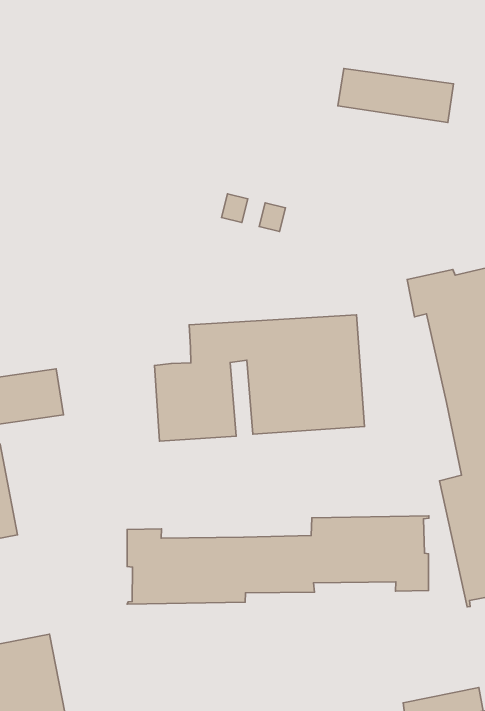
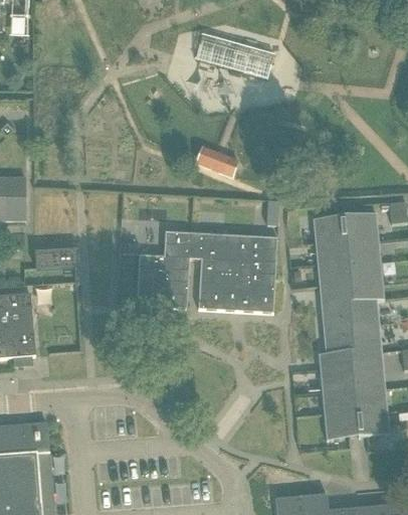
building: [338,68,454,122] -> [195,33,273,77]
building: [127,516,429,604] -> none

